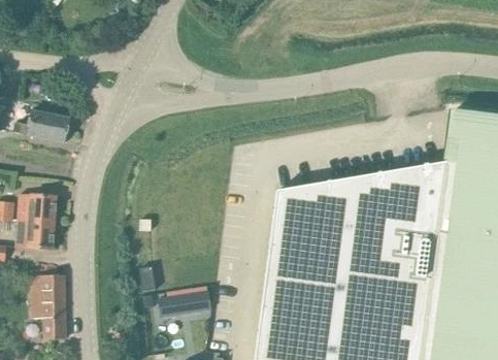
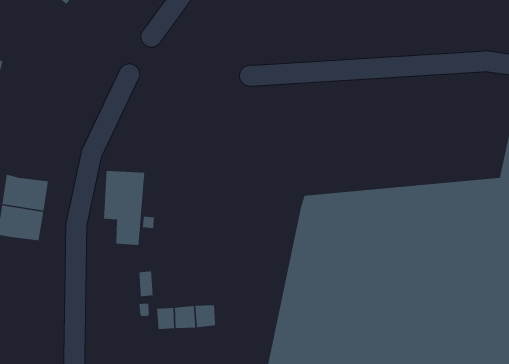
building: [13,108,70,141] -> none
building: [31,273,65,337] -> [103,170,145,246]

